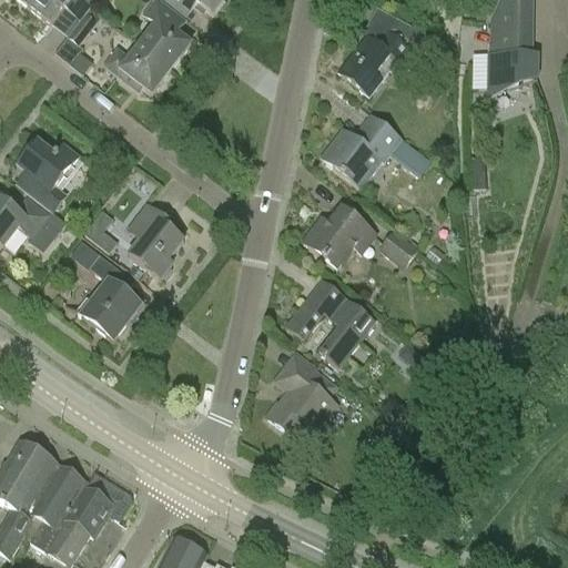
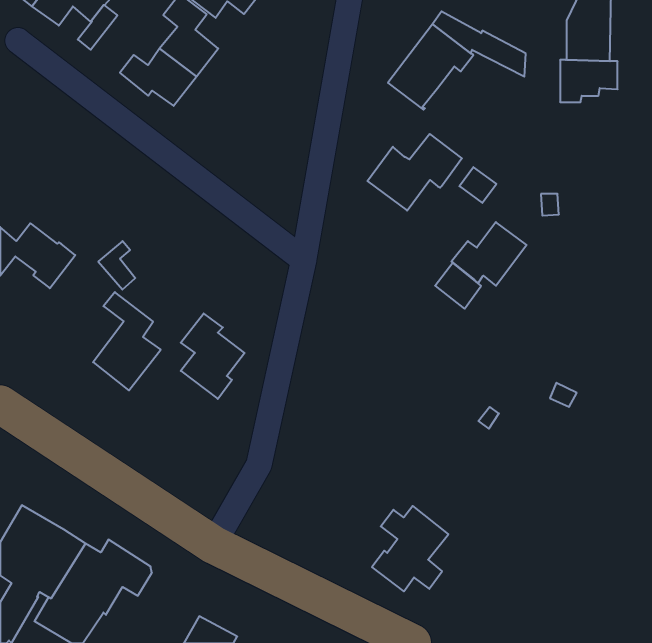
building: [16,139,79,212] -> none
building: [128,204,183,278] -> [181,313,245,399]
building: [302,206,367,262] -> [451,222,527,286]
building: [285,278,375,366] -> none
building: [267,362,334,436] -> [372,506,448,591]

